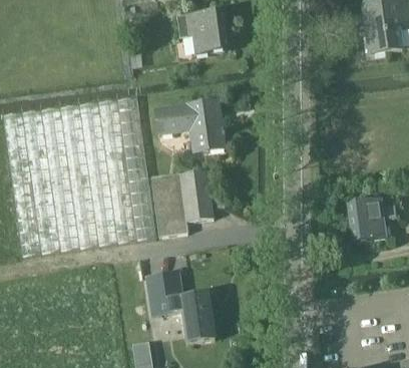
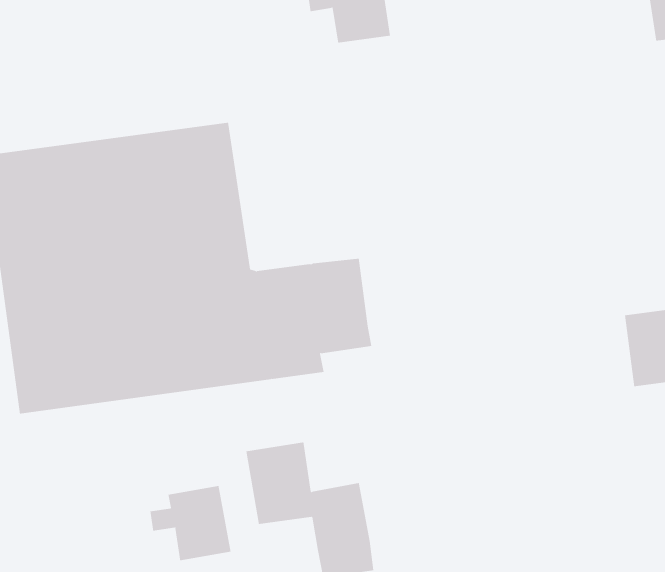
building: [154,98,226,151] -> none
building: none -> [150,485,231,561]

